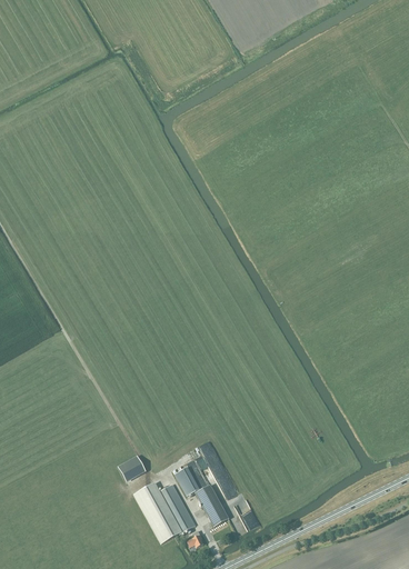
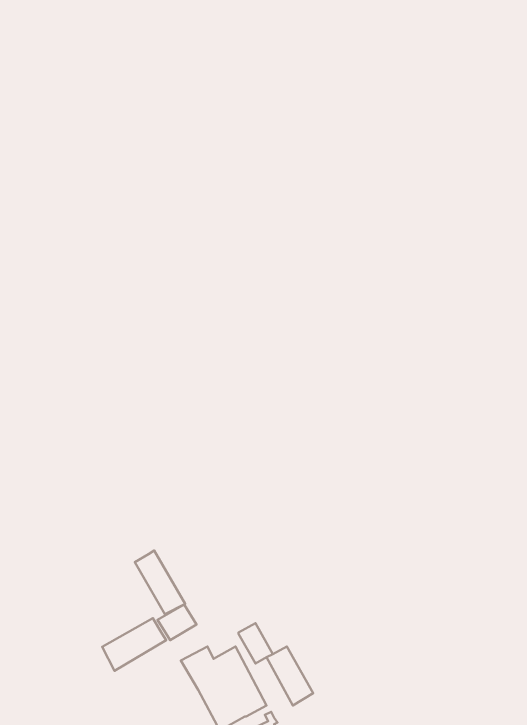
building: none -> [135,551,185,614]
building: none -> [102,618,166,671]

